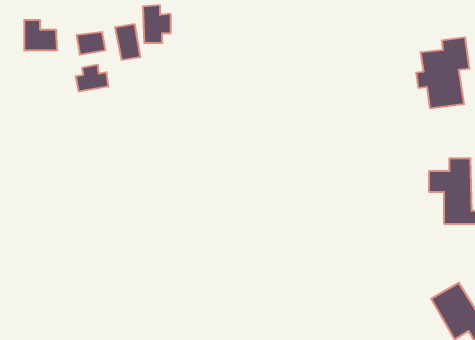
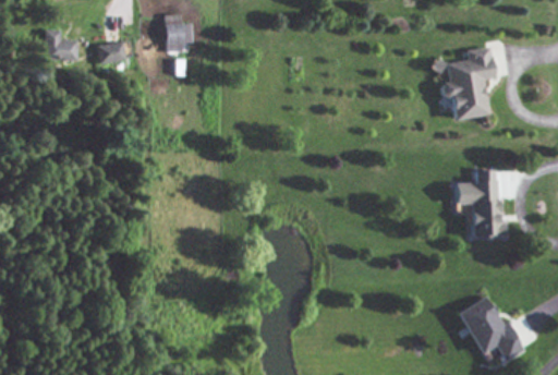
building: [115,24,140,60] -> none
building: [76,65,108,92] -> none

